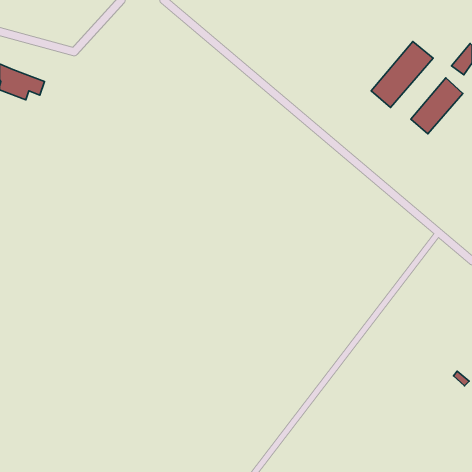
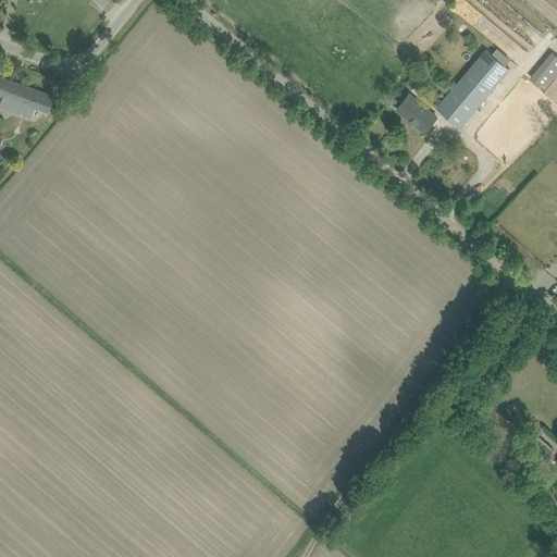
building: [411,78,463,134] -> none
building: none -> [396,95,436,132]

